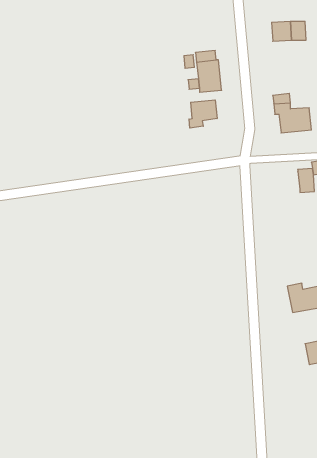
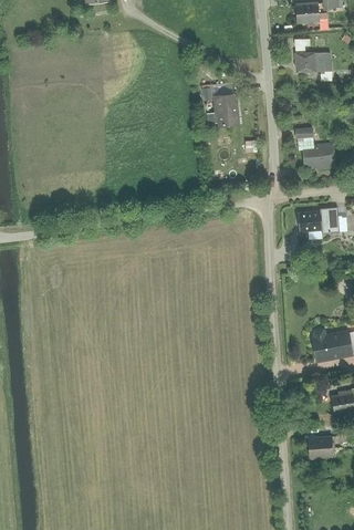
building: [189,100,217,128] -> none
building: none -> [296,210,323,232]
building: none -> [306,436,334,460]

